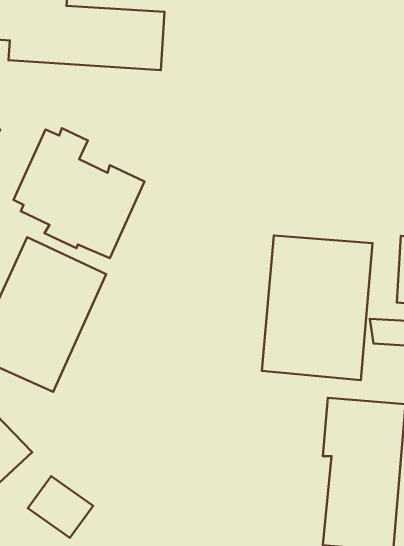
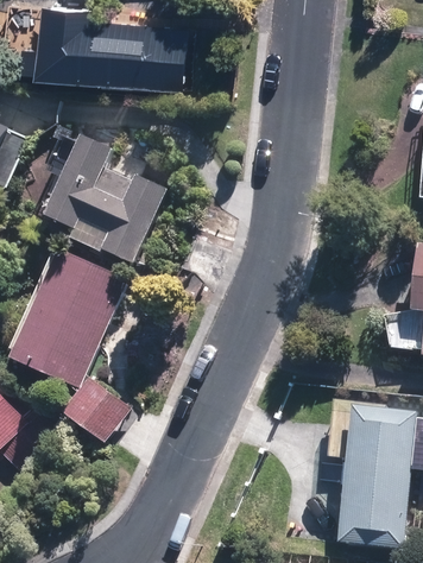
building: [262,236,372,380] -> none
building: [28,476,93,538] -> [64,385,127,444]

